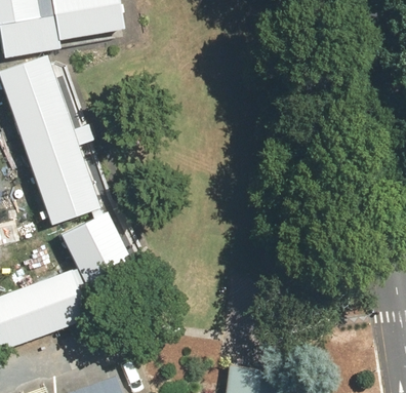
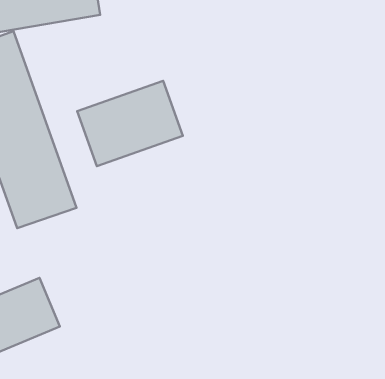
building: none -> [77,81,183,166]
building: [63,211,135,286] -> none

